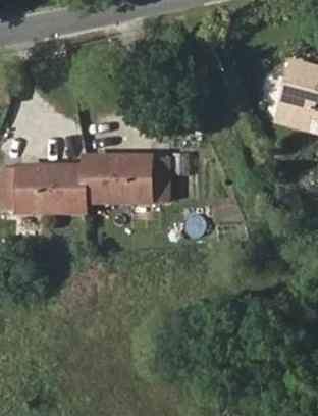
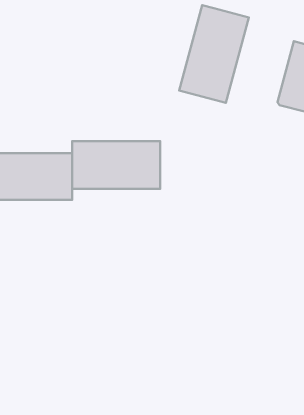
building: none -> [179,5,249,103]

